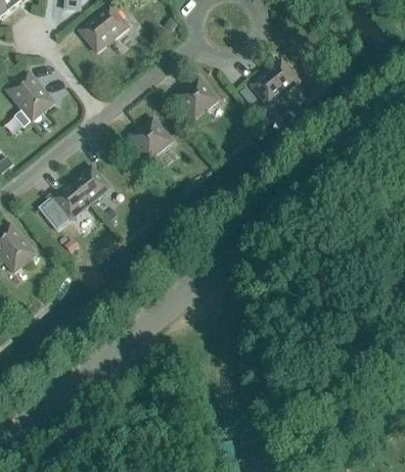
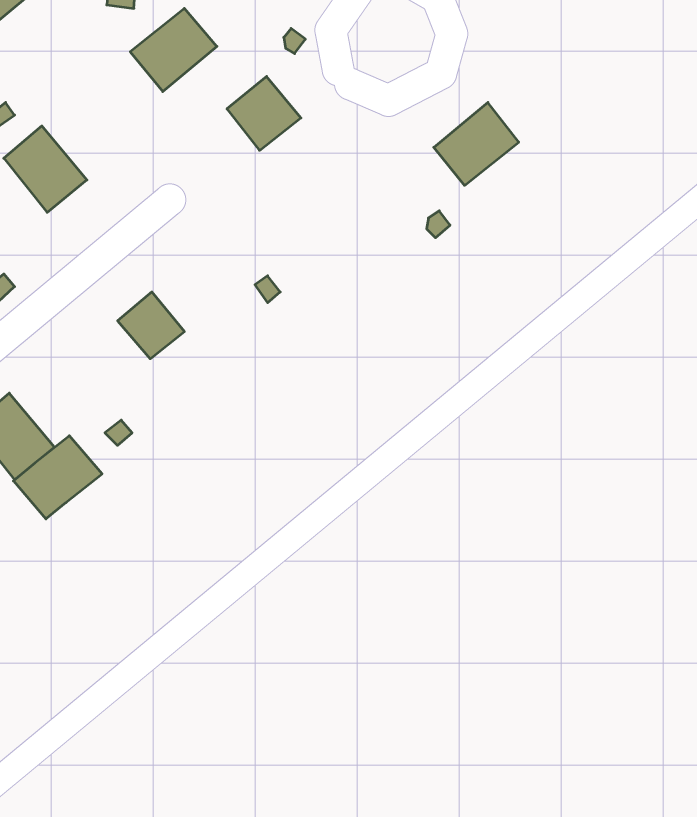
building: [176,78,218,120] -> [227,76,301,150]
building: [130,119,172,160] -> none
building: [40,183,90,230] -> [13,436,102,519]

